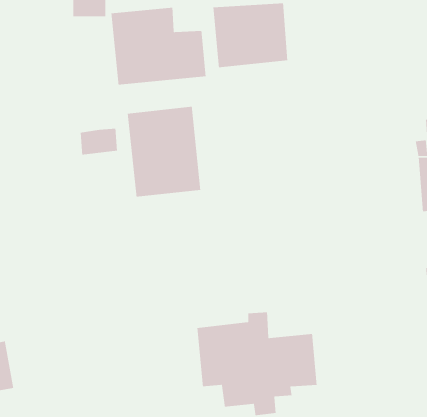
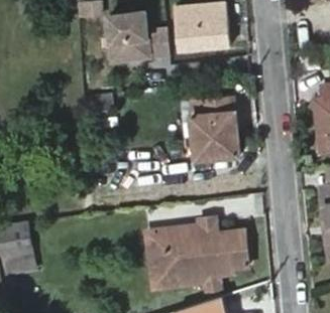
building: [127,106,201,198] -> [188,93,239,156]
building: none -> [145,229,182,287]

